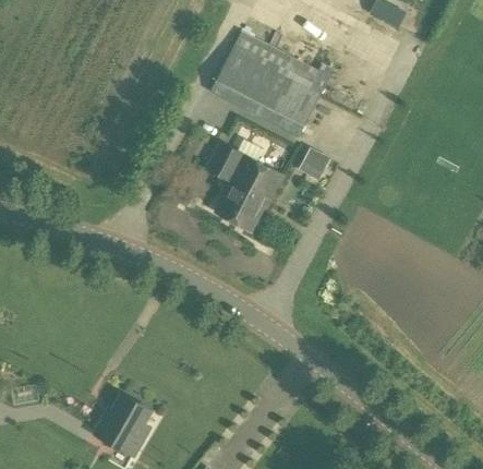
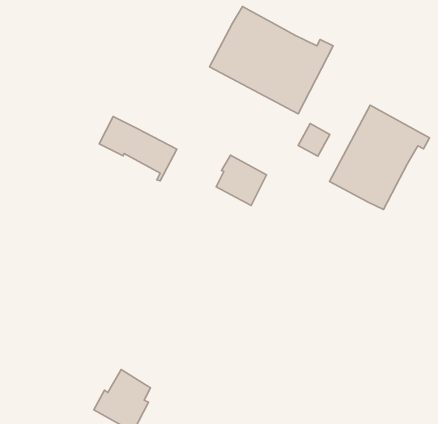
building: none -> [329,105,430,210]
building: [206,142,283,206] -> [99,116,177,181]

